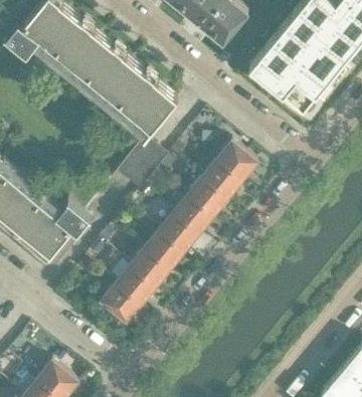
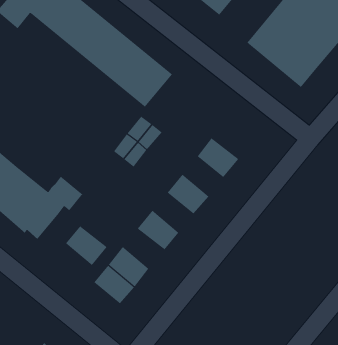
building: [213,143,256,184] -> none
building: [185,181,225,220] -> none
building: [156,216,196,255] -> none
building: [127,251,168,290] -> [65,226,108,266]

